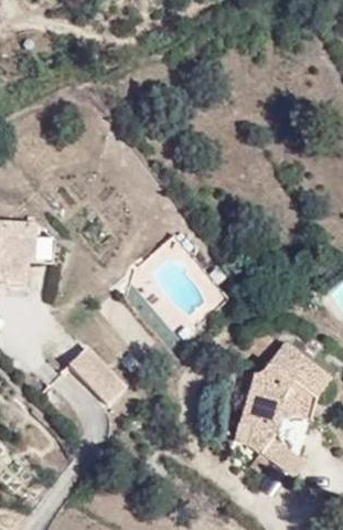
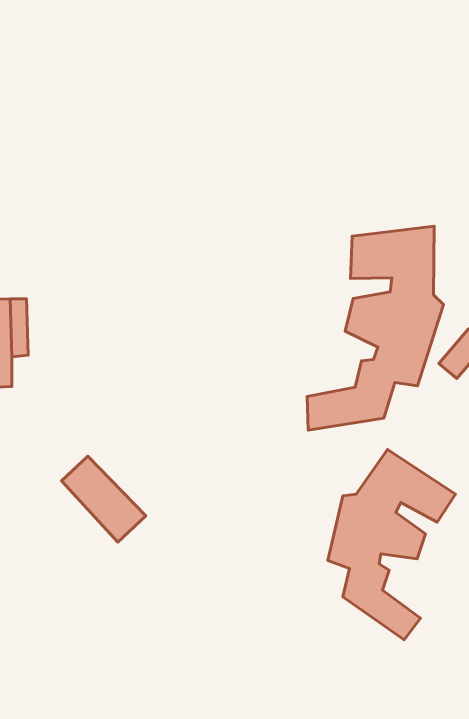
building: none -> [307,226,443,430]

